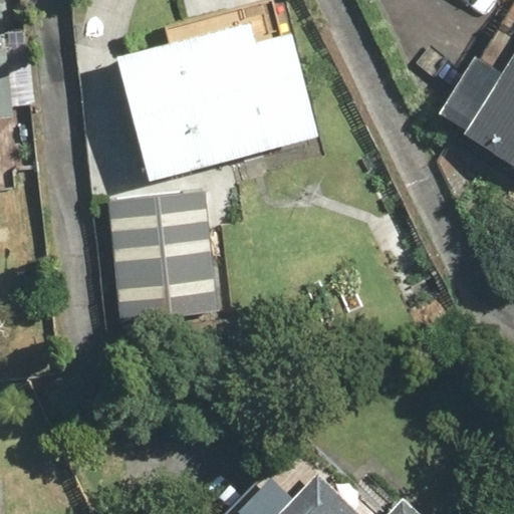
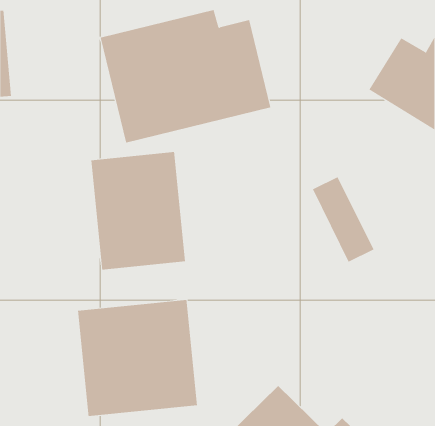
building: none -> [77,299,197,417]

